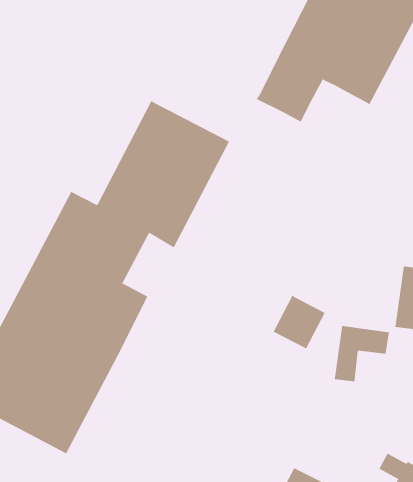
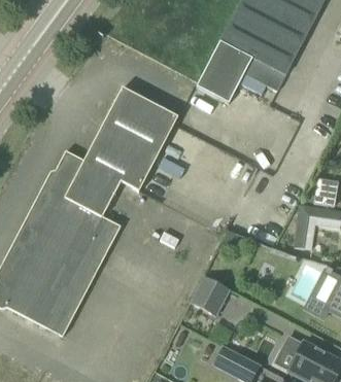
building: [273,295,325,349] -> [192,275,229,313]
building: [334,325,390,382] -> none

